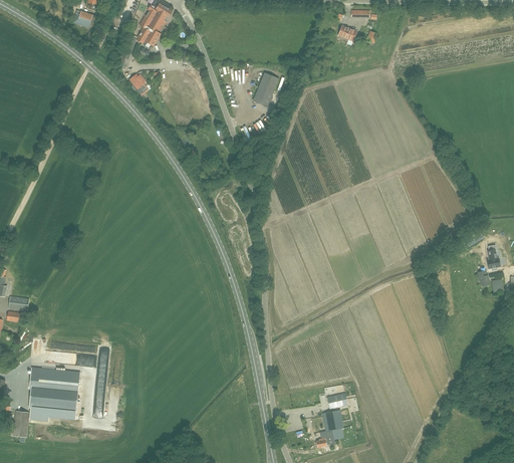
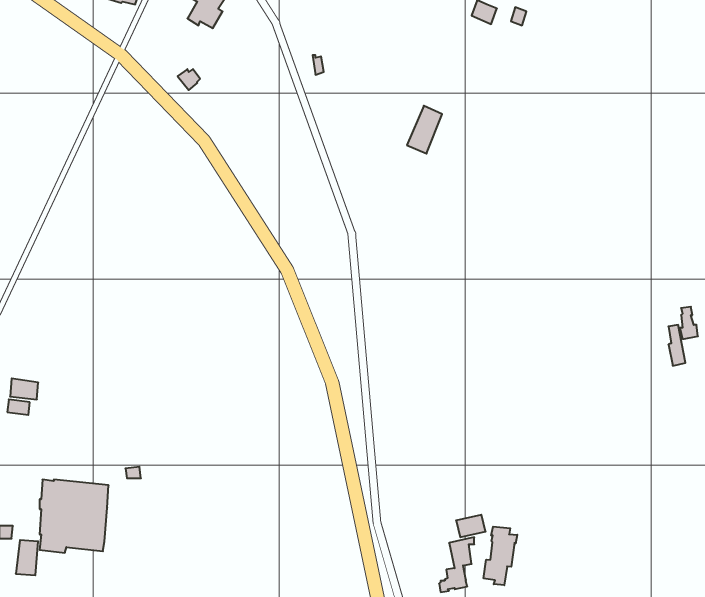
building: [253,72,278,106] -> [407,106,442,154]
building: none -> [484,527,517,585]

